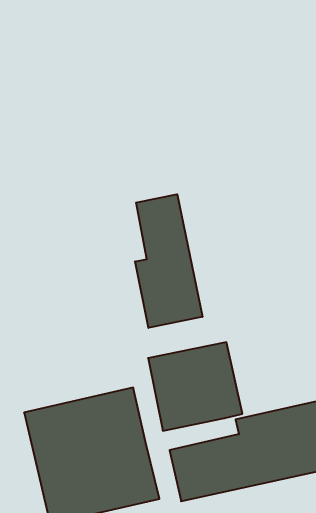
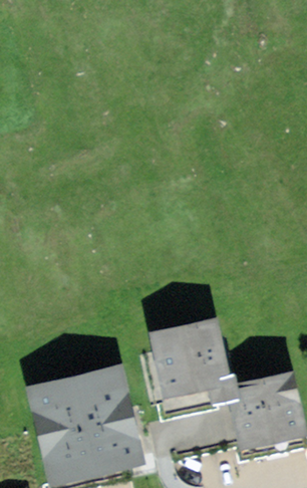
building: [135,194,202,328] -> none

